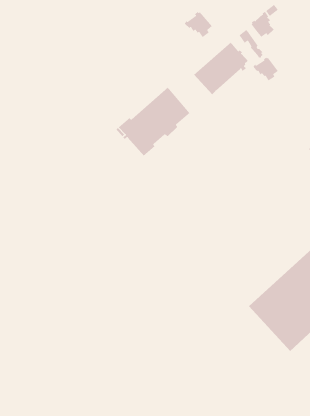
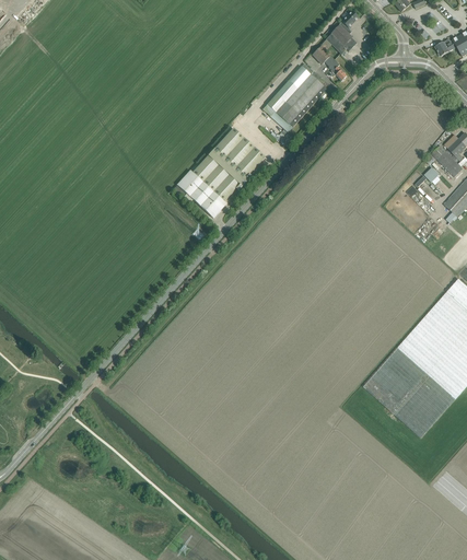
building: [184,11,213,38] -> none
building: [252,57,279,81] -> none

